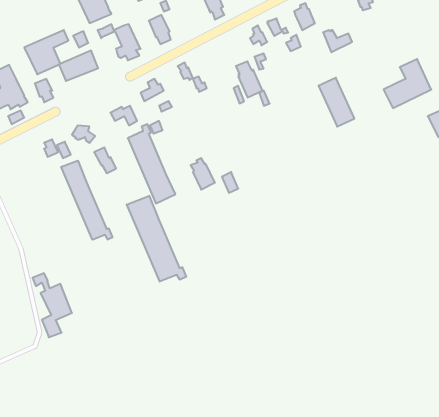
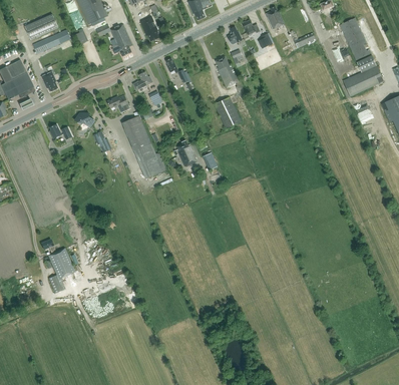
building: [59,51,98,81] -> [25,14,59,40]
building: [318,78,354,127] -> [340,18,371,60]
building: none -> [215,97,242,129]
building: [61,161,112,240] -> none
building: [127,196,186,282] -> none

